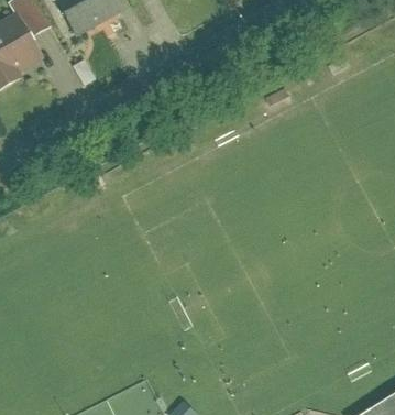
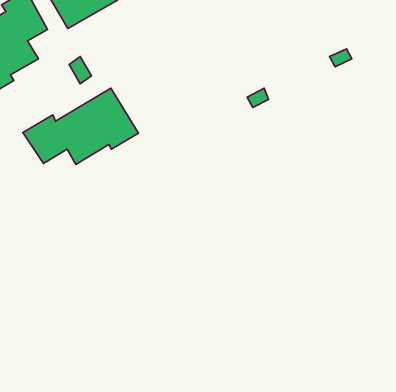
building: none -> [23,88,139,165]

